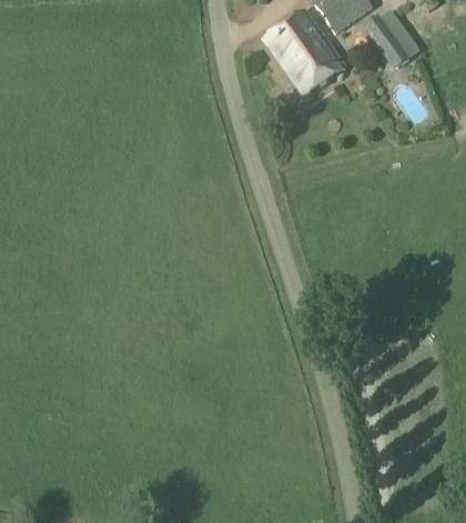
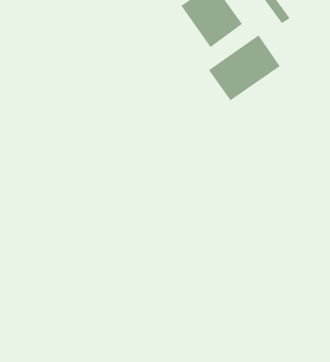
building: none -> [208,35,280,101]

